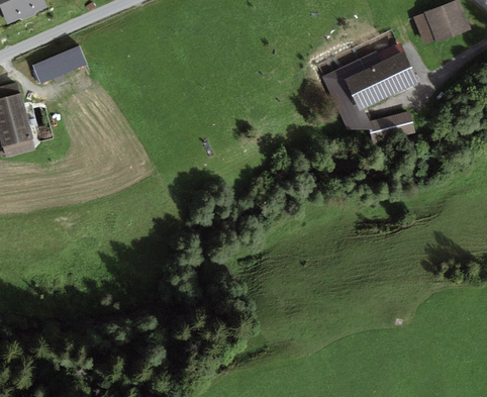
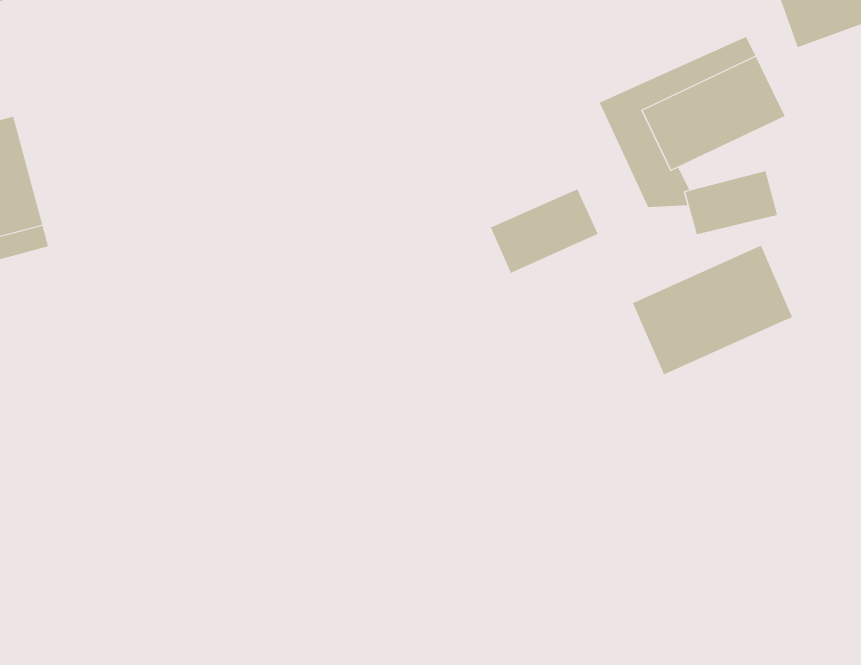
building: [32,45,88,85] -> none
building: none -> [490,188,598,274]
building: none -> [632,245,793,375]

